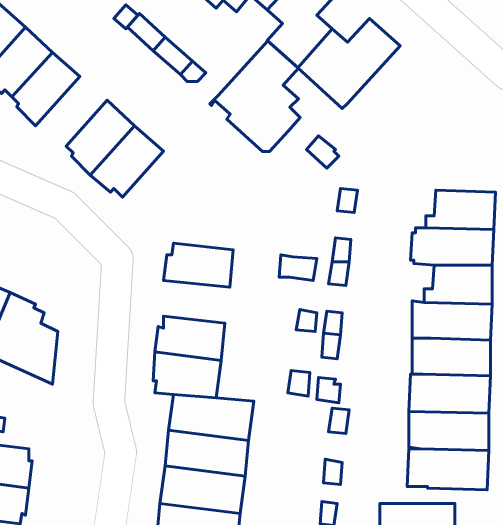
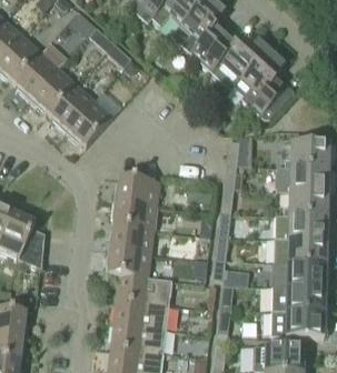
building: [210,41,300,152] -> [229,47,288,119]
building: none -> [29,67,76,112]
building: none -> [111,200,156,228]

